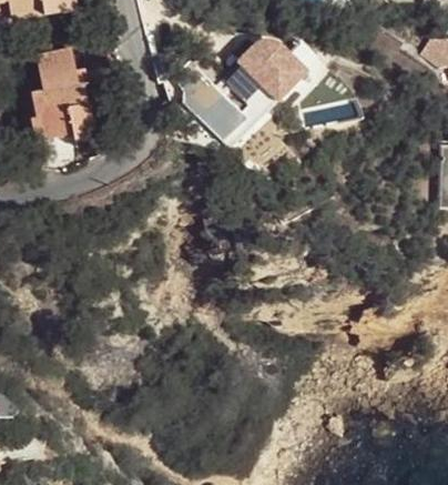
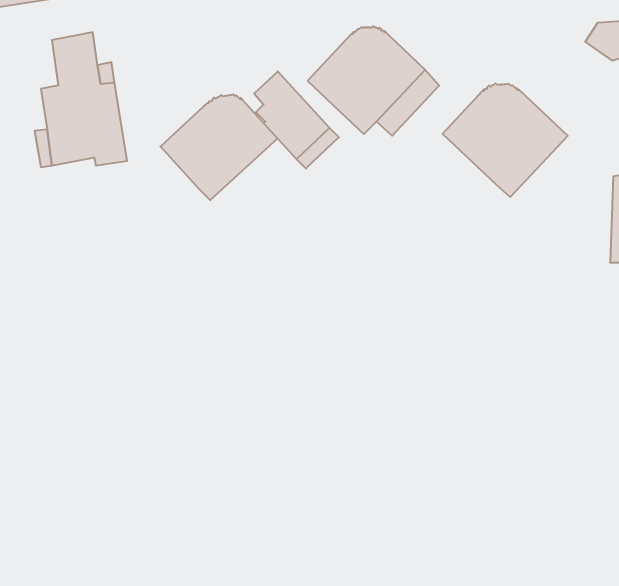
building: none -> [443,83,568,197]
building: none -> [160,94,278,200]

